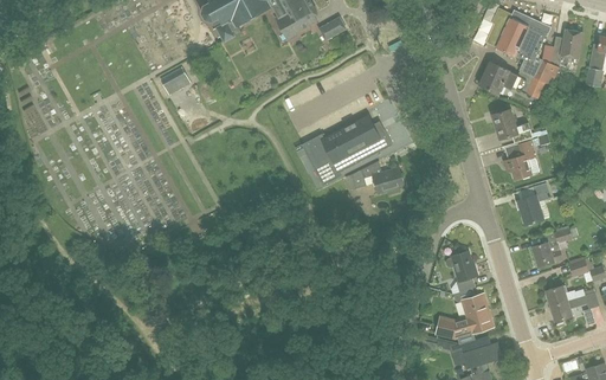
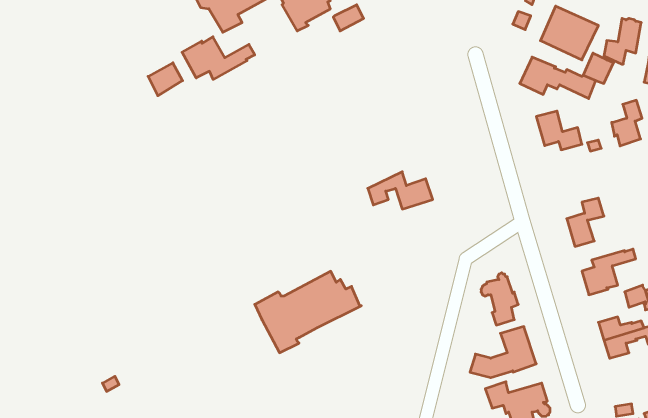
building: none -> [182,37,255,79]
building: [301,115,392,185] -> [255,271,361,353]
building: [507,140,533,179] -> [612,100,642,146]

